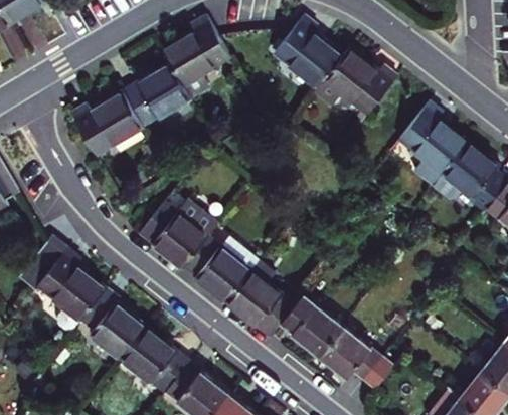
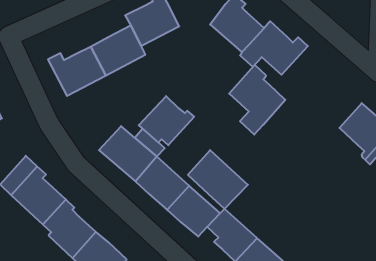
building: [393,103,464,190] -> [229,65,285,135]
building: none -> [139,96,194,145]
building: none -> [188,150,248,209]

